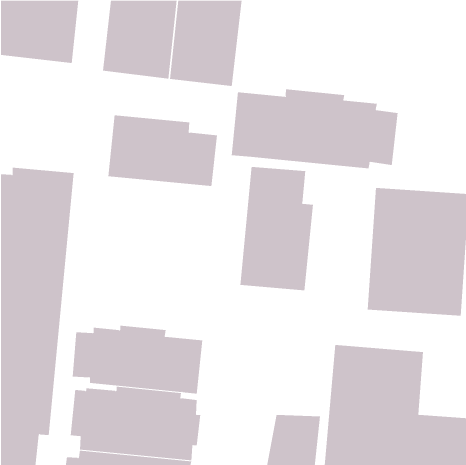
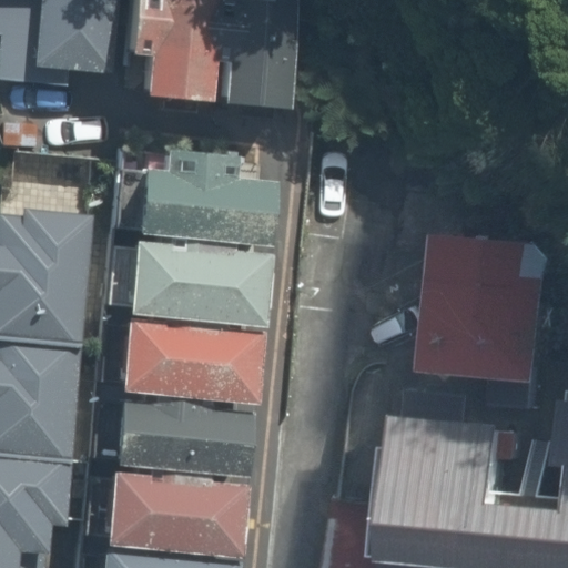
building: [231,89,398,169] -> none
building: [240,166,313,291] -> none
building: none -> [125,219,261,318]
building: none -> [98,318,265,408]

